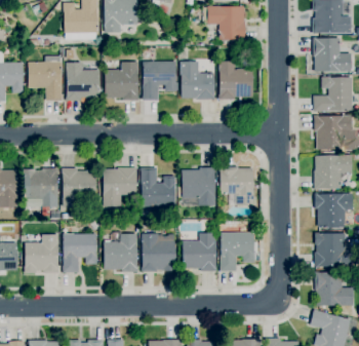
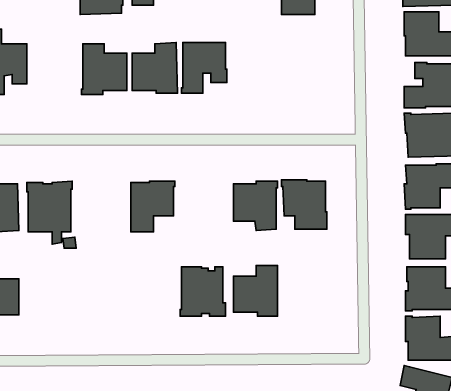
building: [181,62,215,101] -> none
building: [220,62,253,100] -> none
building: [29,63,63,102] -> none
building: [62,168,96,207] -> none
building: [141,168,175,207] -> none
building: [221,233,255,272] -> none
building: [63,234,97,273] -> none
building: [105,234,138,273] -> none
building: [25,235,58,274] -> none

